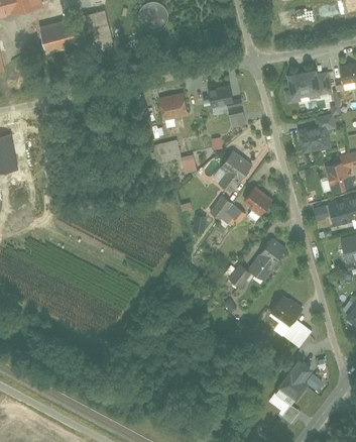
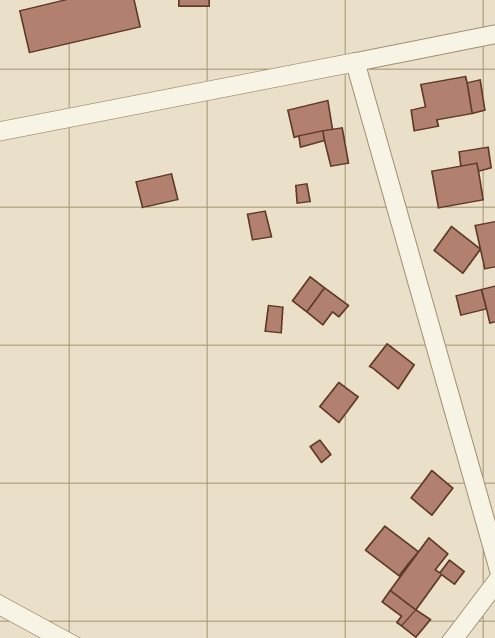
building: [160,93,191,120] -> none
building: [154,140,181,161] -> [136,174,178,208]
building: [221,149,252,192] -> none
building: [245,187,274,216] -> [434,227,480,273]
building: [248,253,276,282] -> none
building: [270,295,304,326] -> [366,526,418,576]

